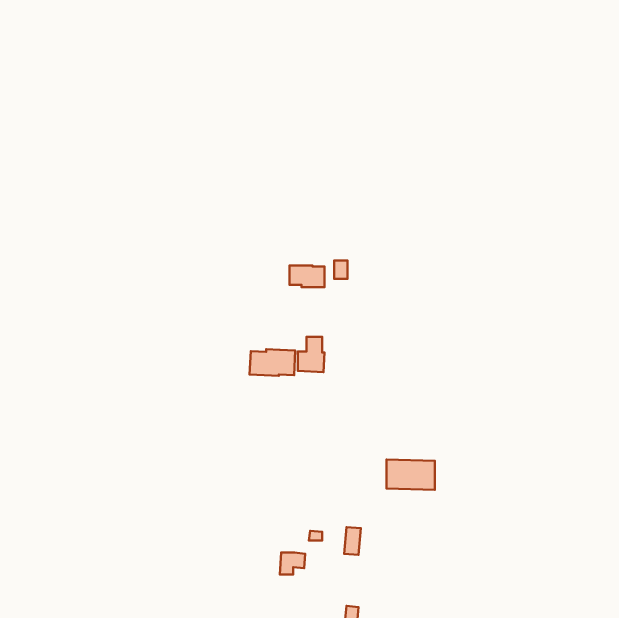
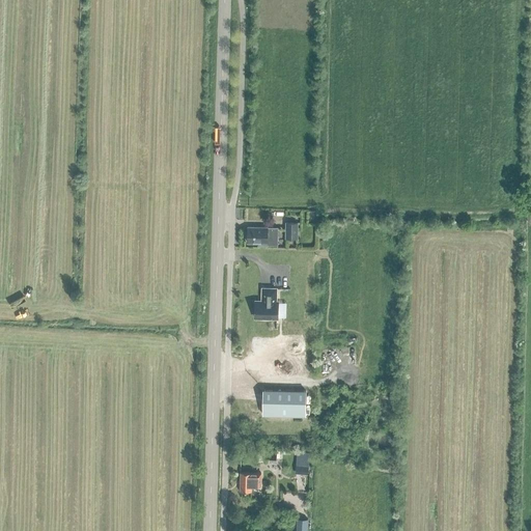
building: [250,349,295,376] -> none
building: [386,459,435,490] -> [263,391,305,417]

